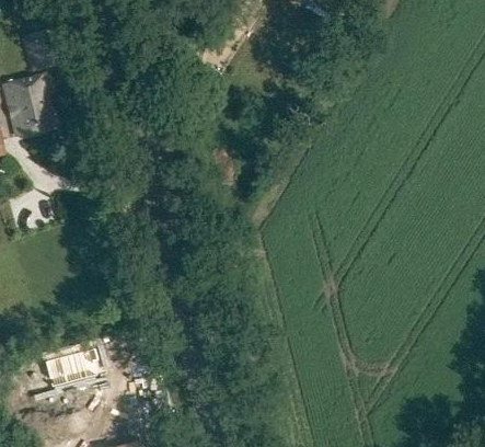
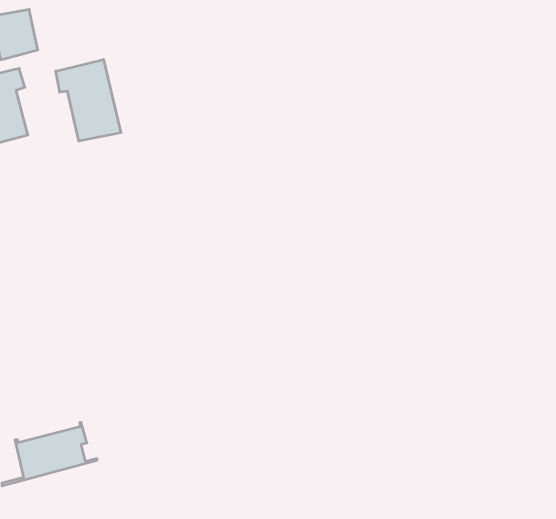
building: none -> [56,59,121,141]

